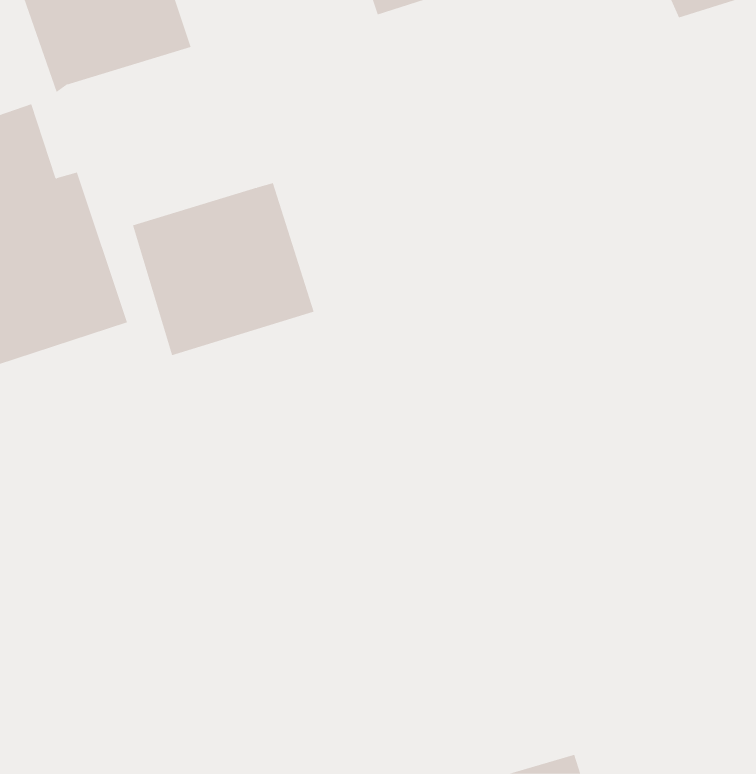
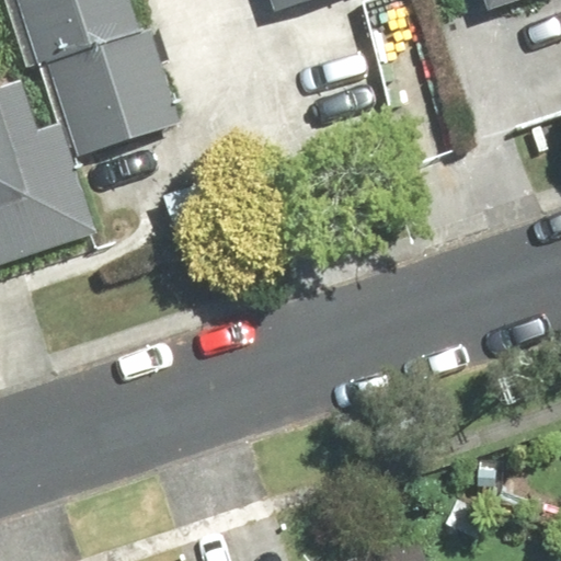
building: [132,183,315,356] -> [48,31,180,156]

